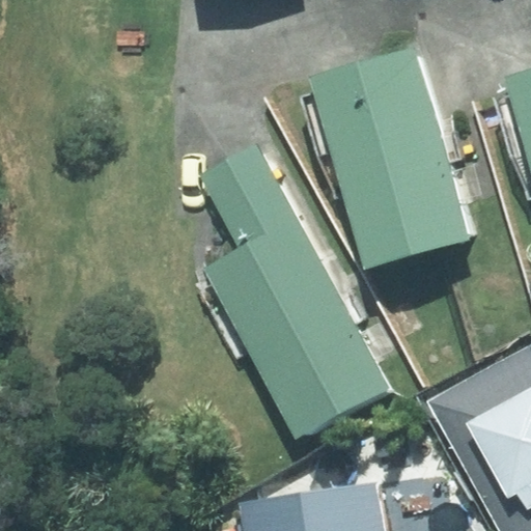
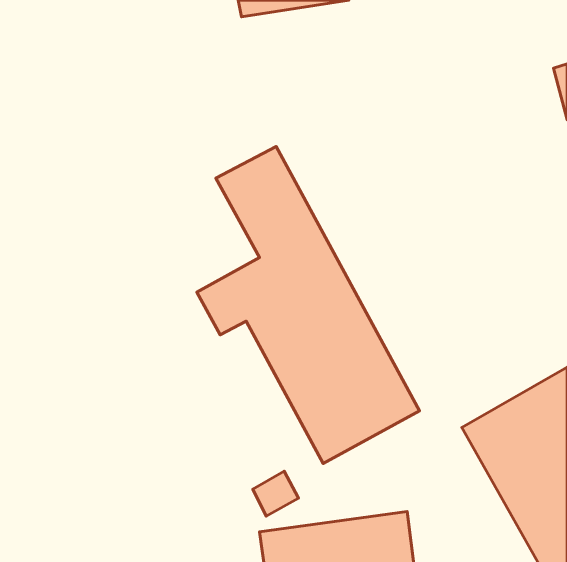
building: [316,45,470,262] -> none

